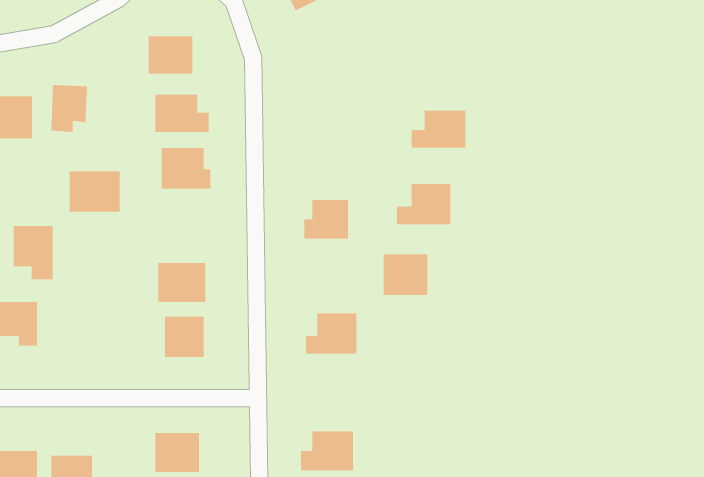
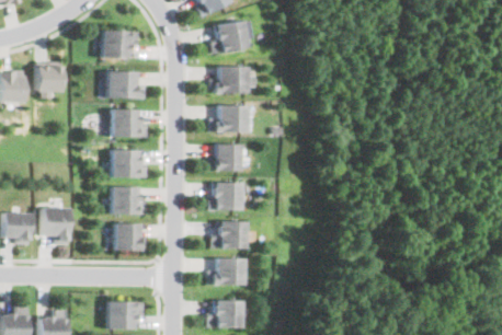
building: none -> [210,21,249,56]
building: [411,110,466,149] -> [210,67,248,93]
building: [69,170,121,212] -> [112,149,147,177]
building: [396,183,451,225] -> [209,104,247,132]
building: [13,225,53,280] -> [42,207,69,244]
building: [383,254,428,296] -> [212,182,242,210]
building: none -> [207,257,246,285]

